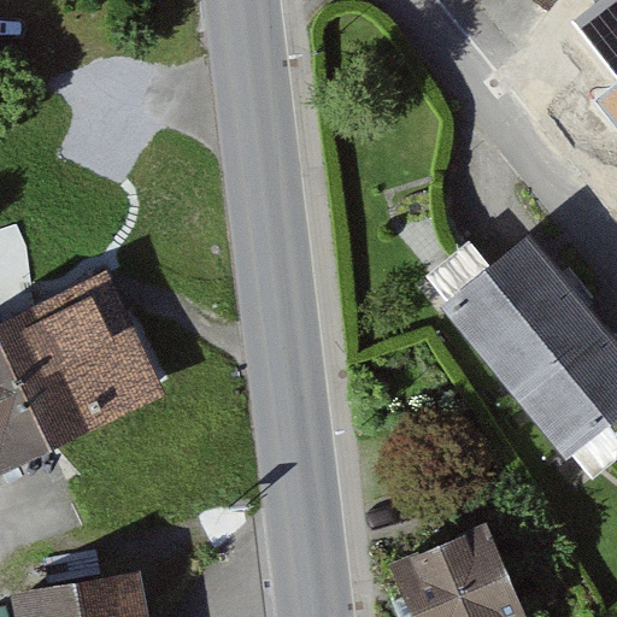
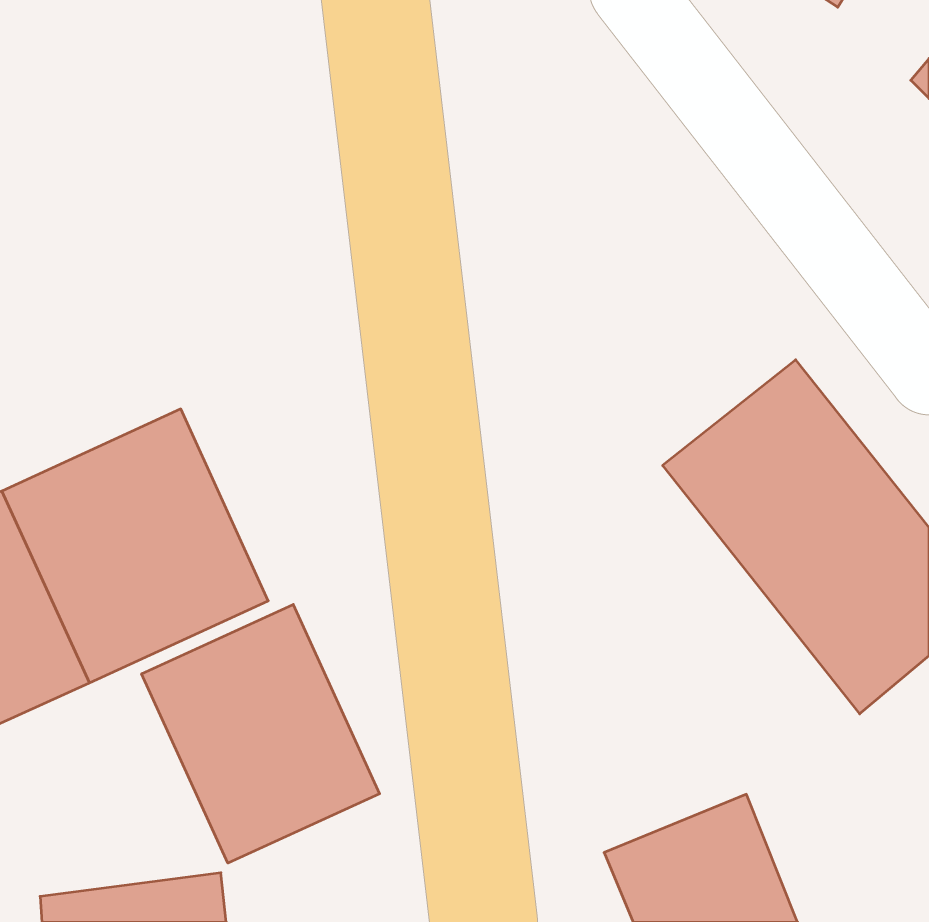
building: none -> [142,604,380,863]

